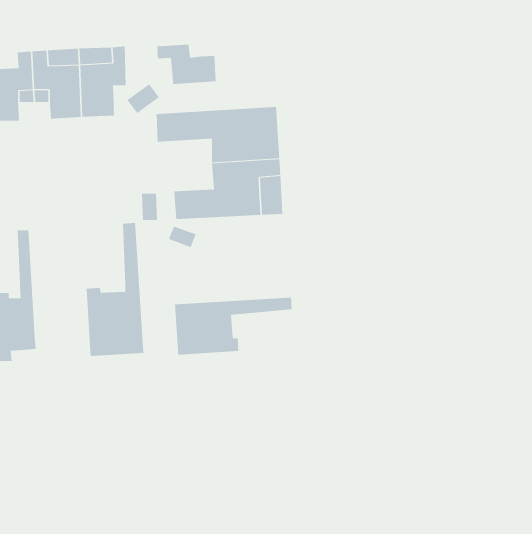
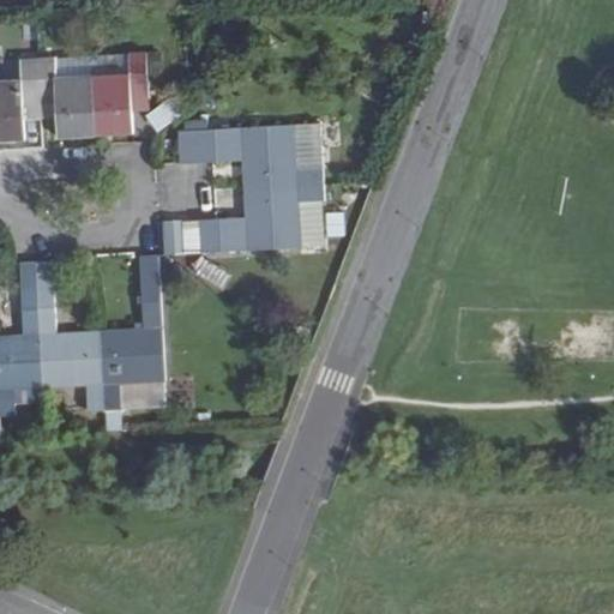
building: [157,44,216,85] -> none
building: none -> [34,261,103,411]
building: [174,297,292,356] -> none

